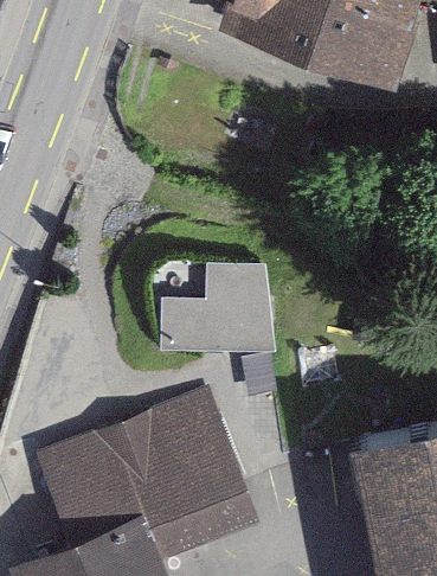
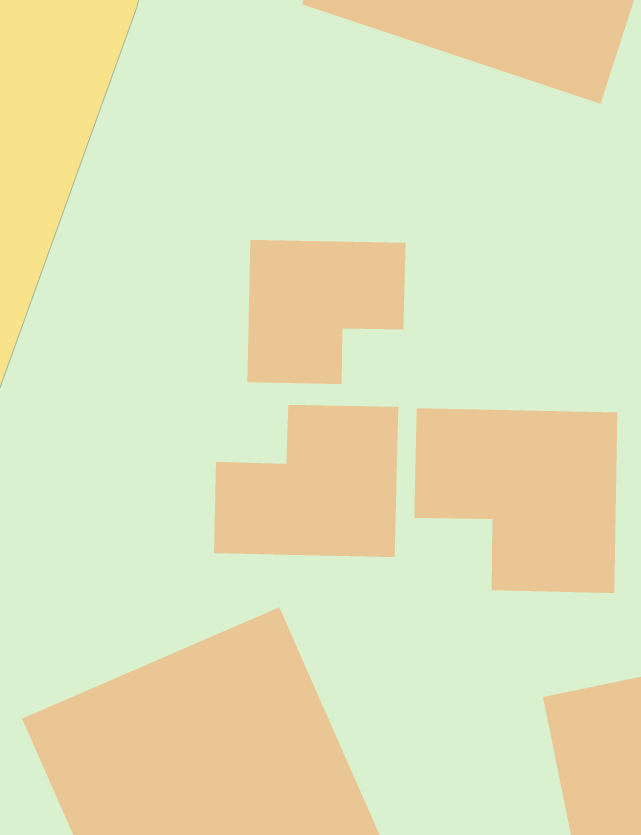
building: none -> [247,239,406,385]
building: none -> [414,407,618,594]

